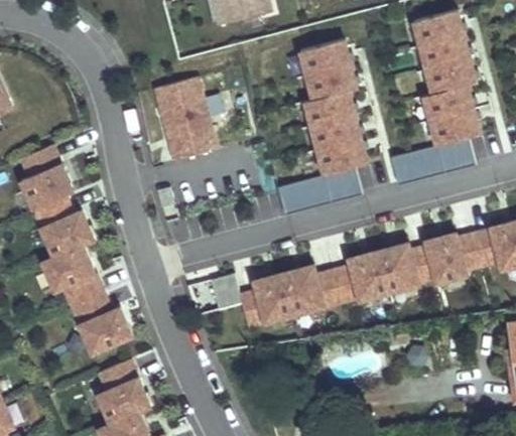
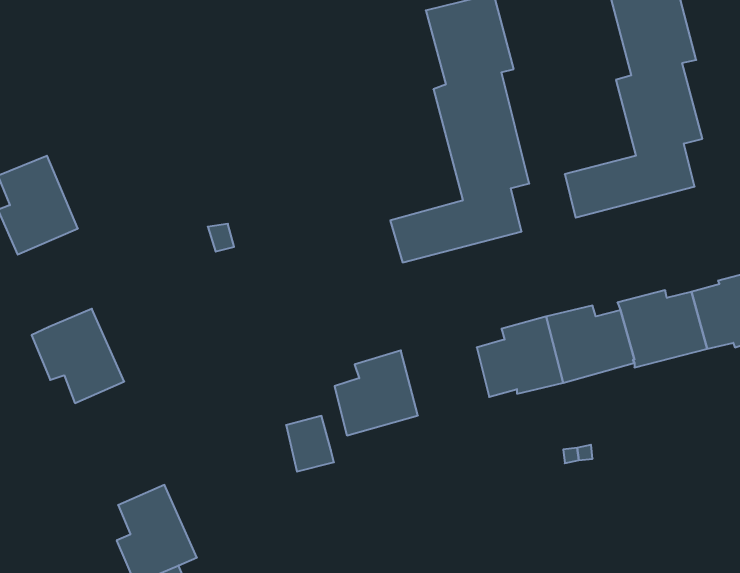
building: [153,77,215,160] -> none
building: [32,195,93,257] -> none
building: [282,265,340,314] -> none
building: [210,273,241,309] -> [286,416,334,472]
building: [70,292,131,353] -> none

